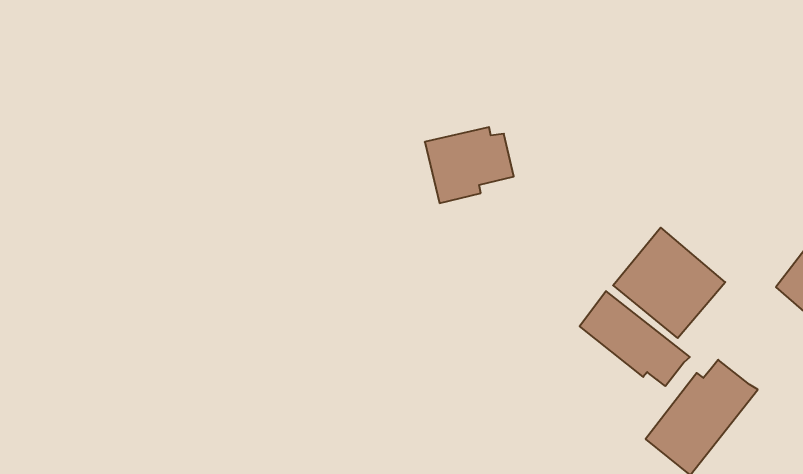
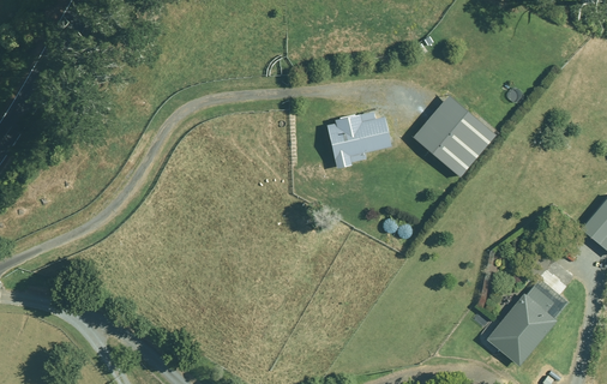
building: [613,228,725,338] -> [413,96,494,176]
building: [580,291,690,386] -> none

